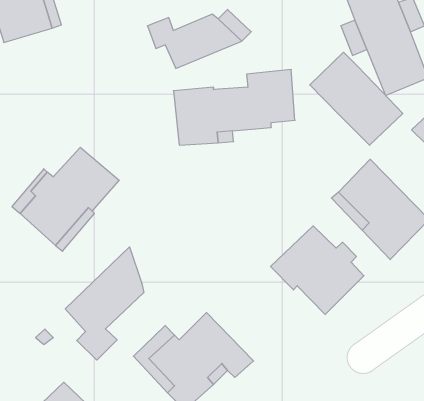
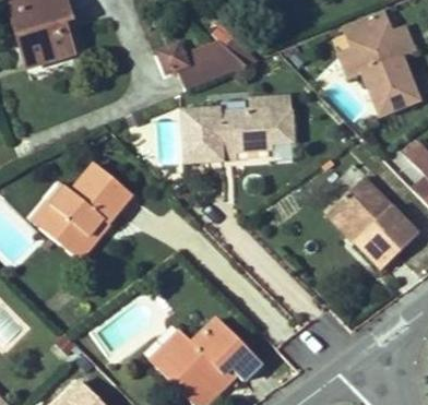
building: [310,52,403,145] -> none
building: [271,226,364,314] -> none
building: [65,247,144,360] -> none

